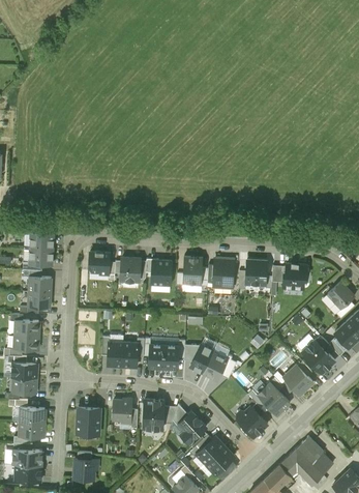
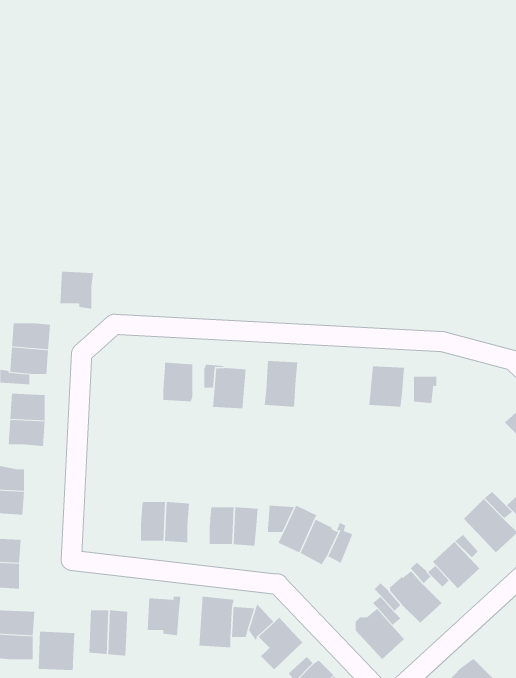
building: [89,253,110,276] -> [60,271,94,309]
building: [213,259,234,289] -> none
building: [283,263,306,289] -> none
building: none -> [38,631,75,671]

